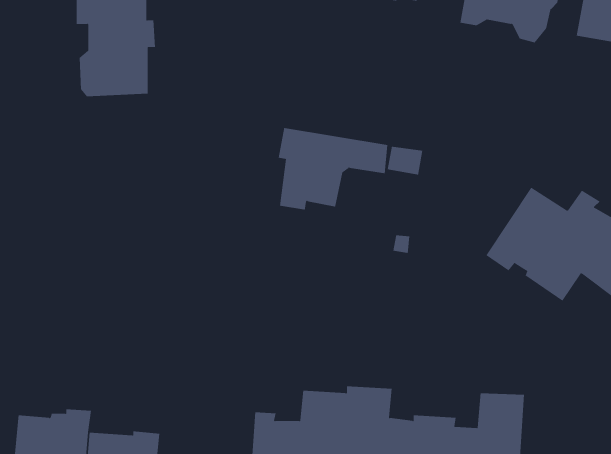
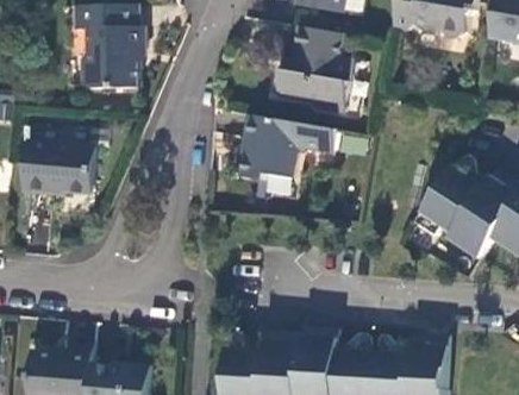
building: none -> [279,26,351,112]
building: none -> [24,144,94,195]

